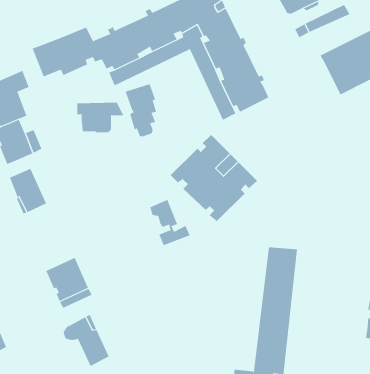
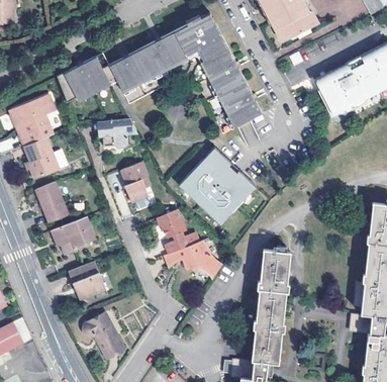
building: [125,83,157,137] -> [120,160,149,207]
building: none -> [52,212,95,251]
building: none -> [167,236,220,275]

